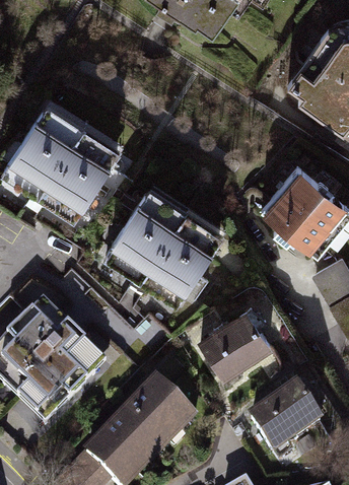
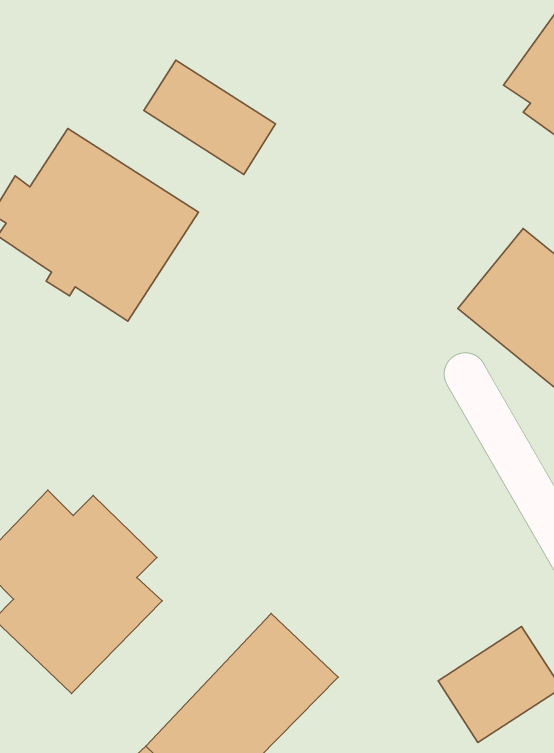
building: none -> [144,60,276,174]
building: [107,193,219,300] -> none
building: [196,309,273,383] -> none

